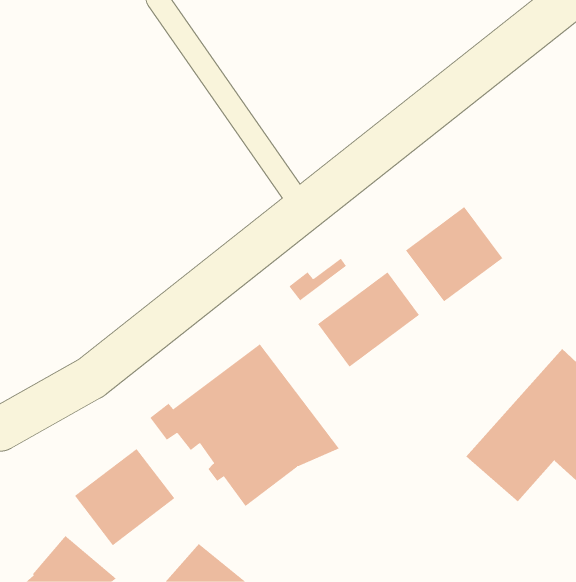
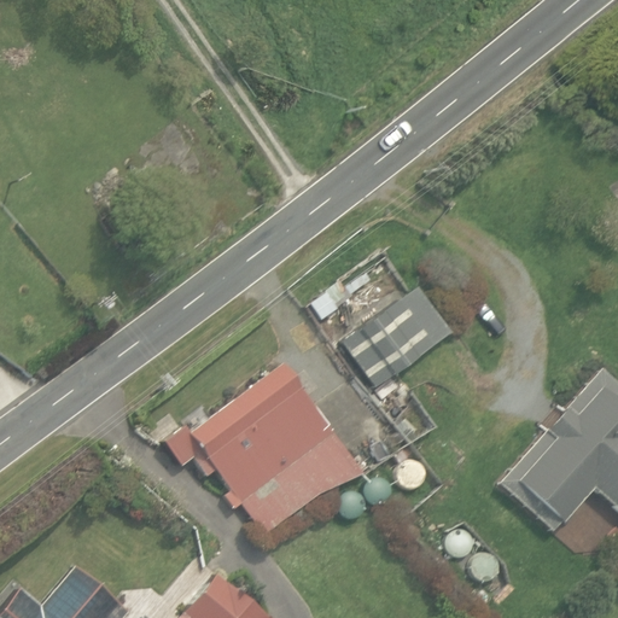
building: [405,206,503,302] -> none
building: [74,448,175,546] -> none

